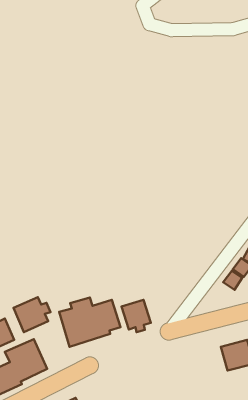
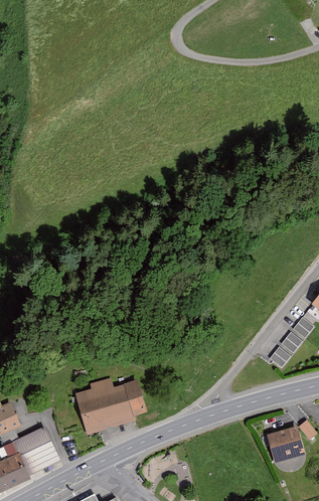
building: [13,297,50,332] -> none
building: [122,300,151,332] -> none

